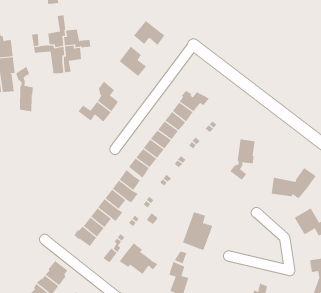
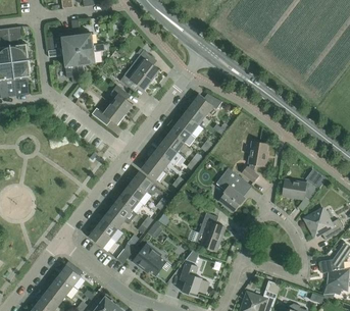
building: [133,20,165,46] -> [120,64,152,90]
building: [16,66,33,112] -> none
building: none -> [216,167,252,212]

